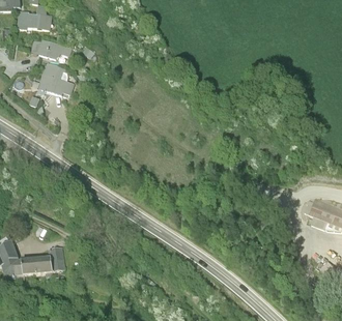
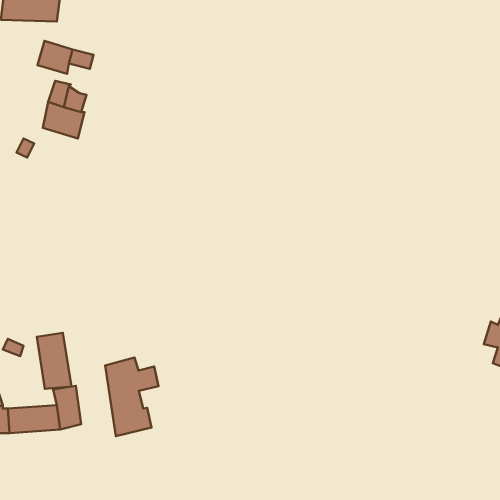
building: none -> [37,333,71,389]
building: none -> [105,358,159,436]

